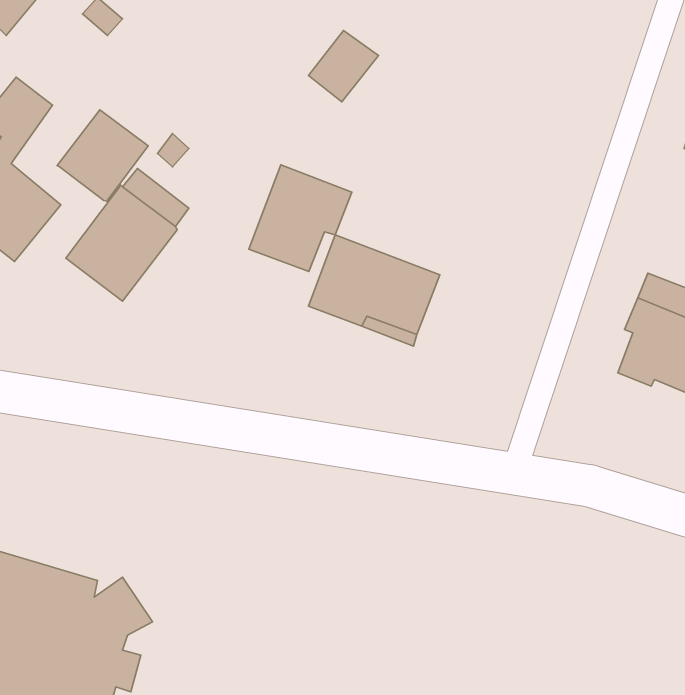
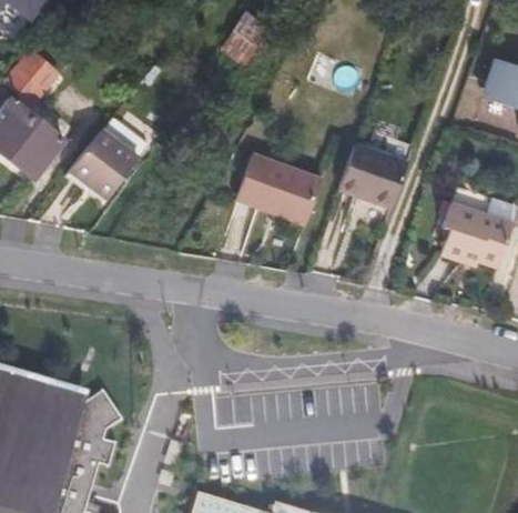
building: [57,110,148,201] -> none
building: [249,165,352,271] -> none
building: none -> [332,152,400,217]

